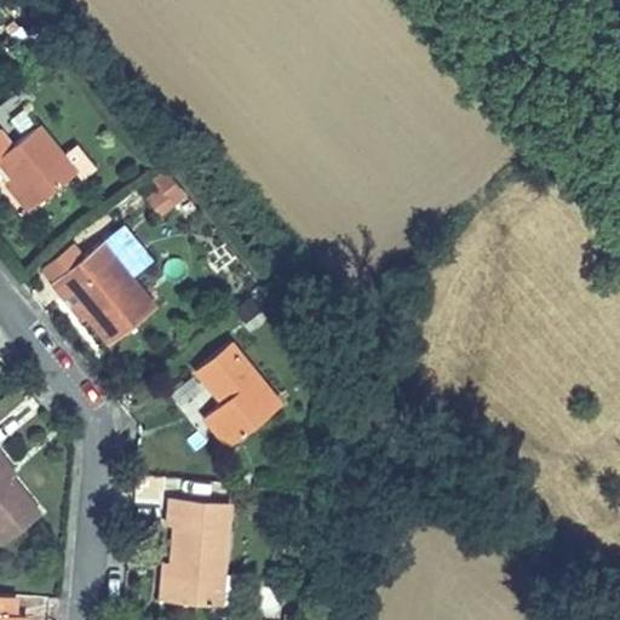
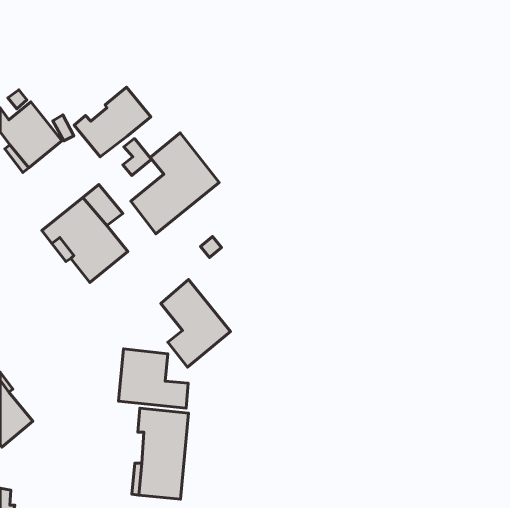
building: none -> [74,87,151,157]
building: none -> [131,133,219,234]
building: none -> [118,349,188,408]

